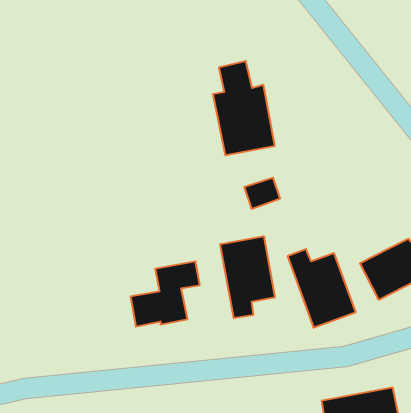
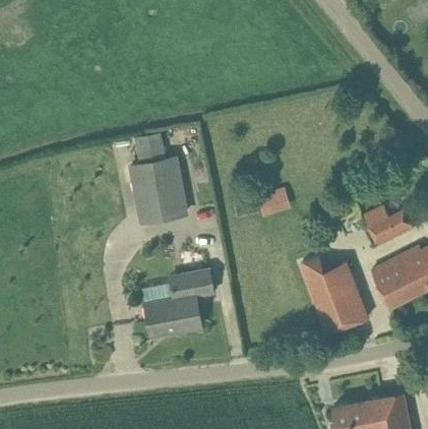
building: [213,61,275,155] -> [127,132,188,225]
building: none -> [365,206,413,245]
building: [220,236,275,318] -> none

